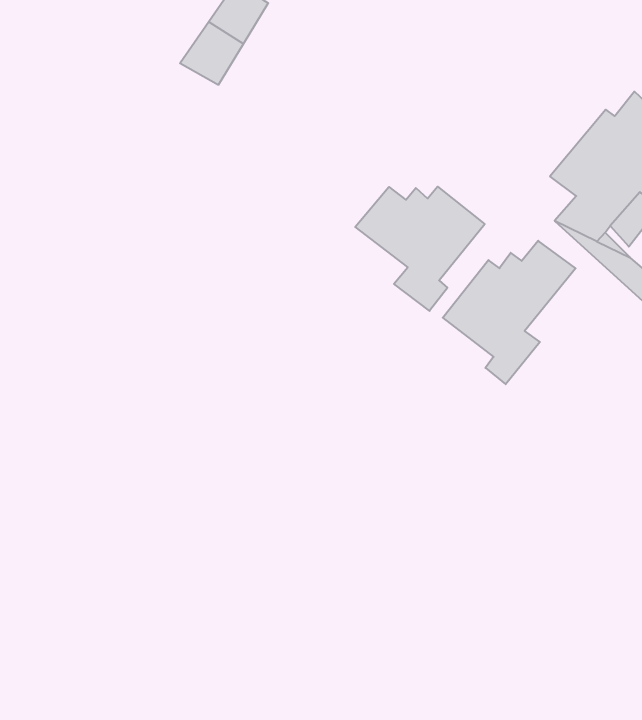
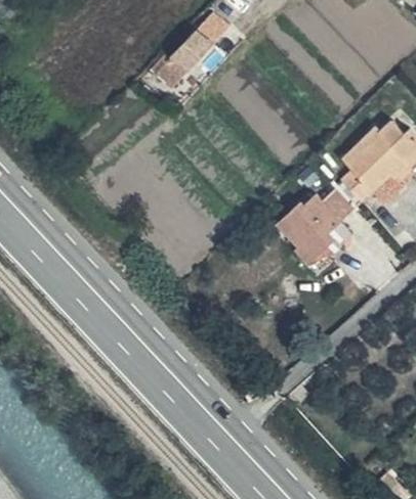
building: [355,187,485,311] -> none

